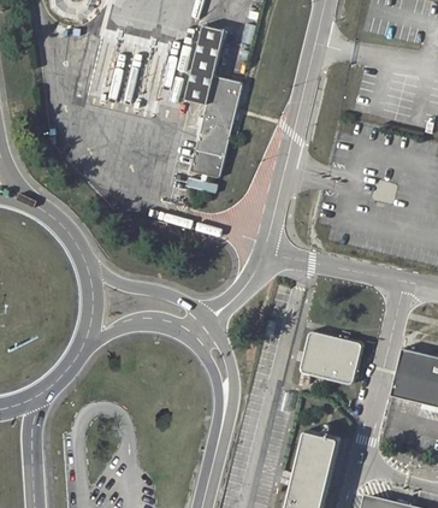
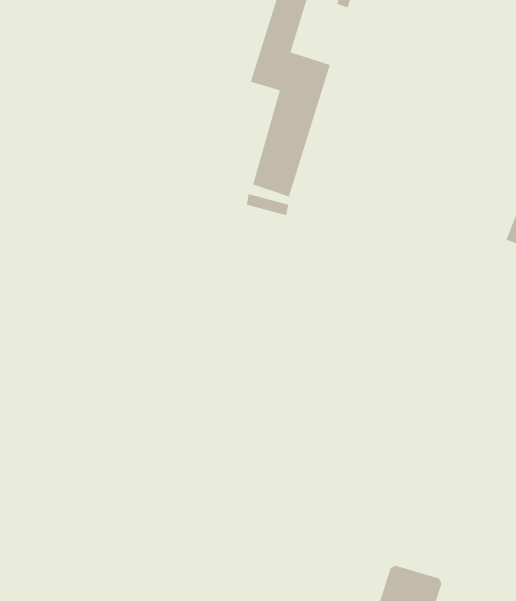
building: [296,329,360,384] -> none

